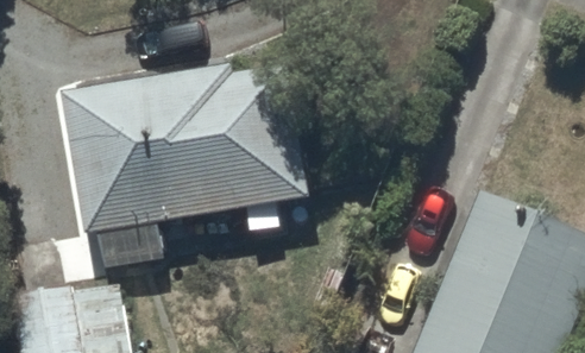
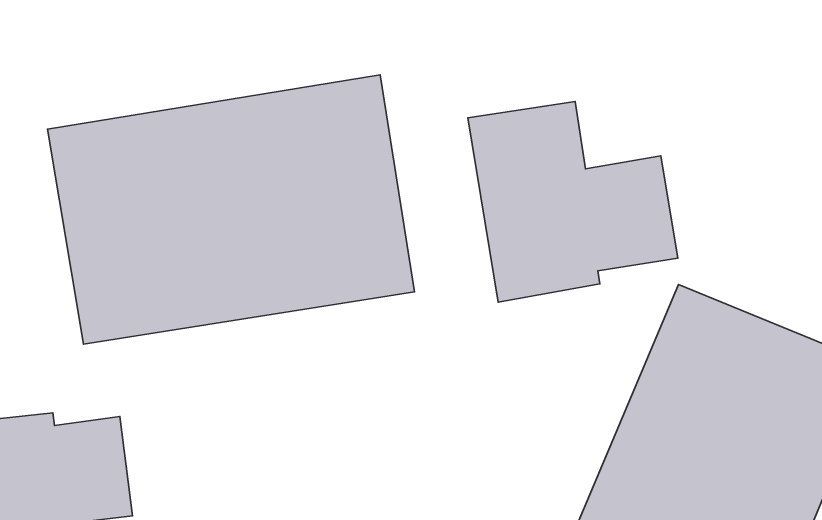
building: none -> [468,102,678,302]

